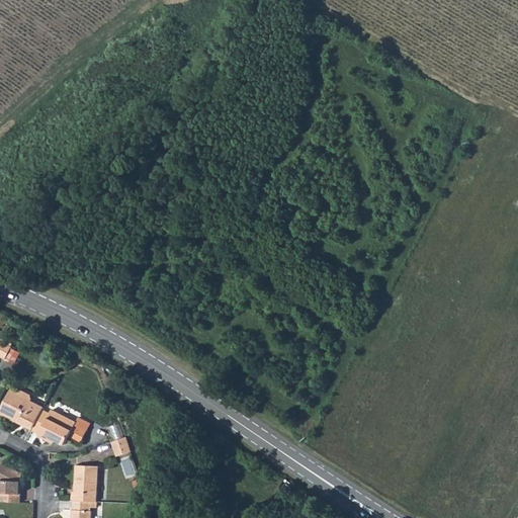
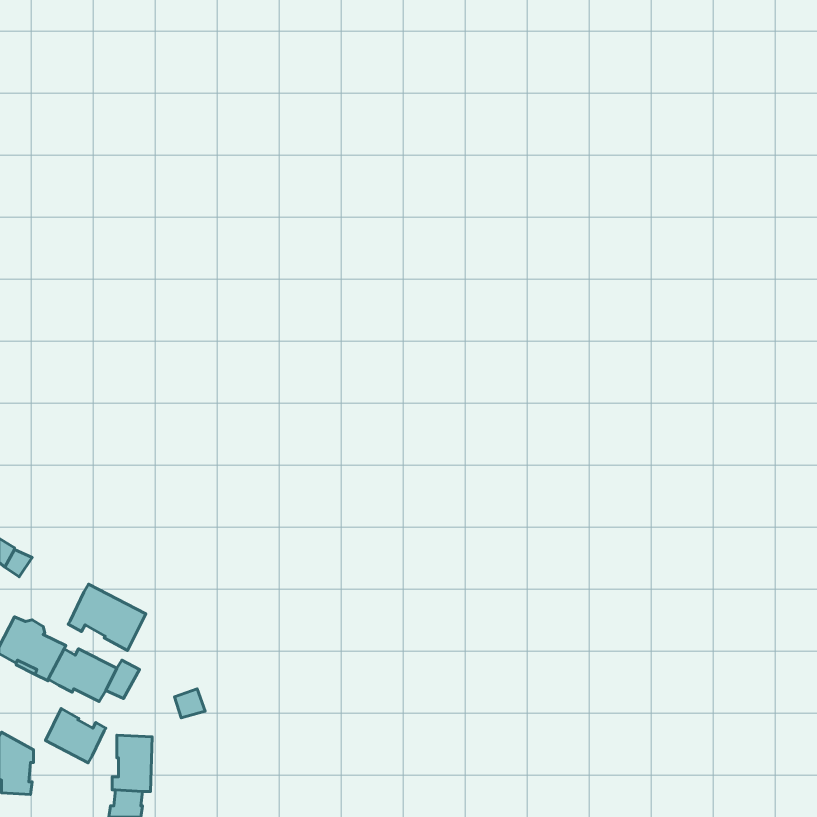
building: none -> [68,584,146,651]
building: none -> [45,709,106,763]

